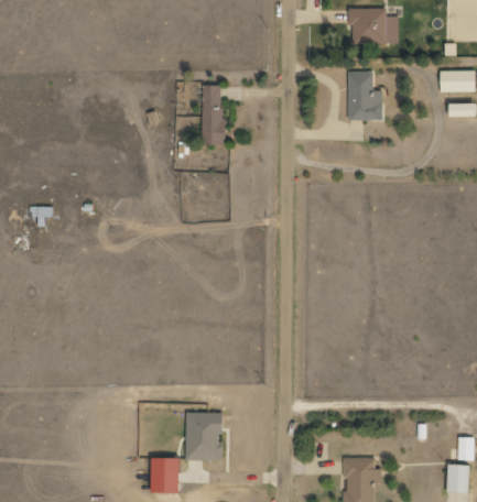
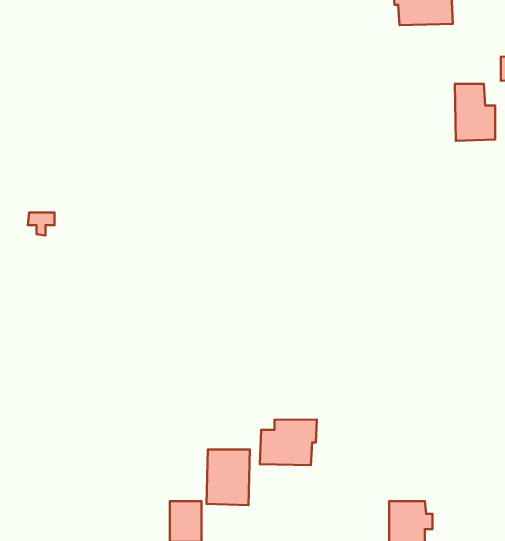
building: [347,72,382,121] -> [455,84,495,141]
building: [202,86,224,145] -> none
building: none -> [260,420,317,465]

